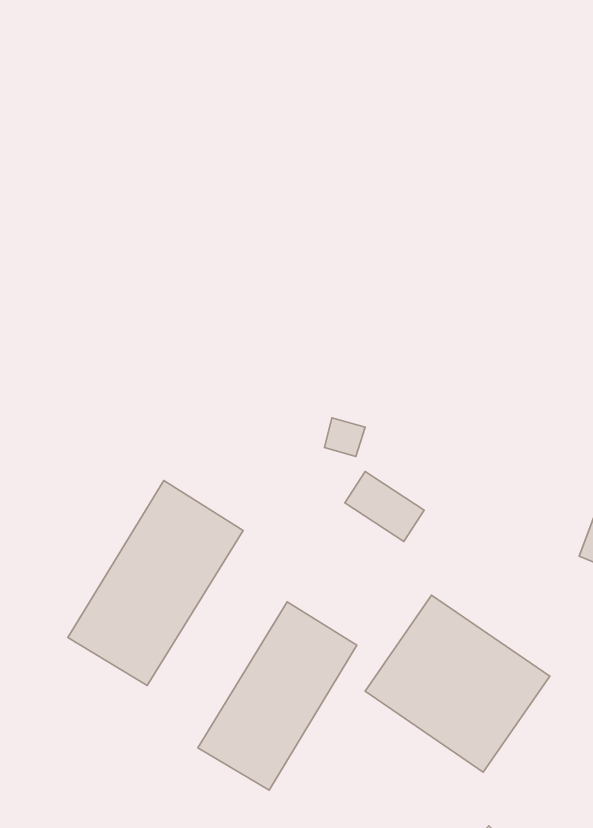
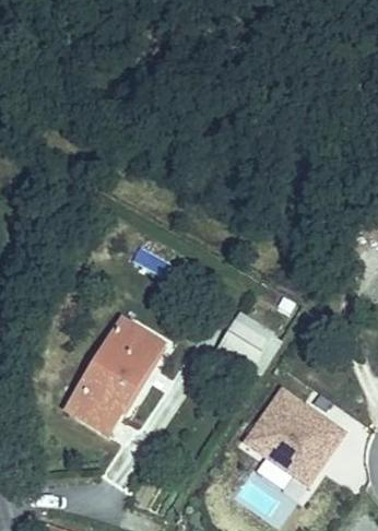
building: [198,602,357,790] -> none

